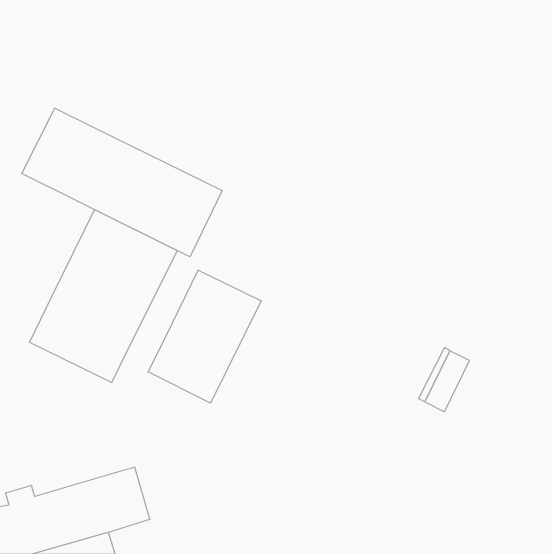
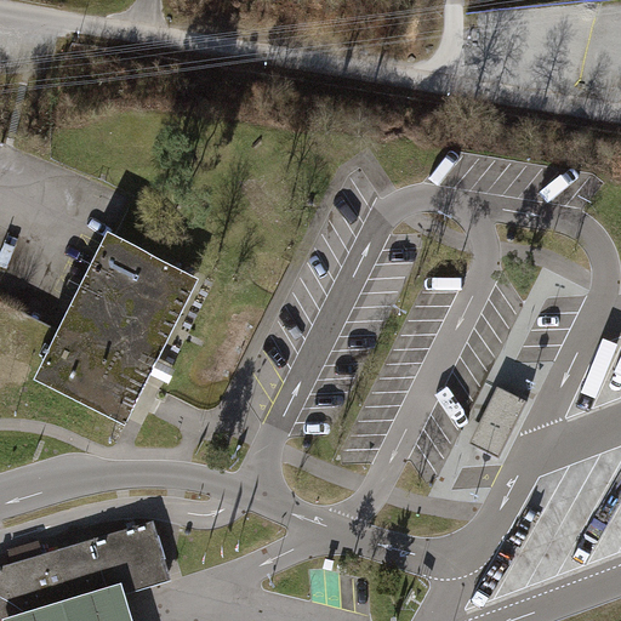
building: [22,108,222,257] -> none
building: [148,270,261,403] -> none

